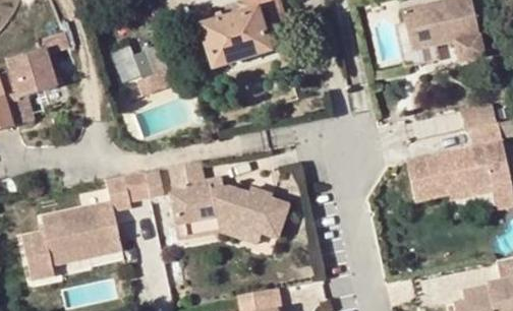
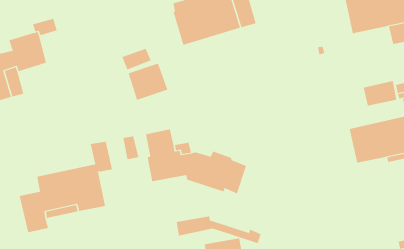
building: [111,37,158,80] -> [128,63,168,101]
building: [176,215,276,248] -> [176,216,262,244]

